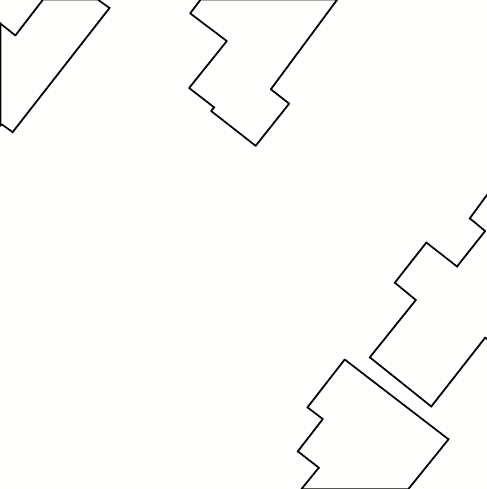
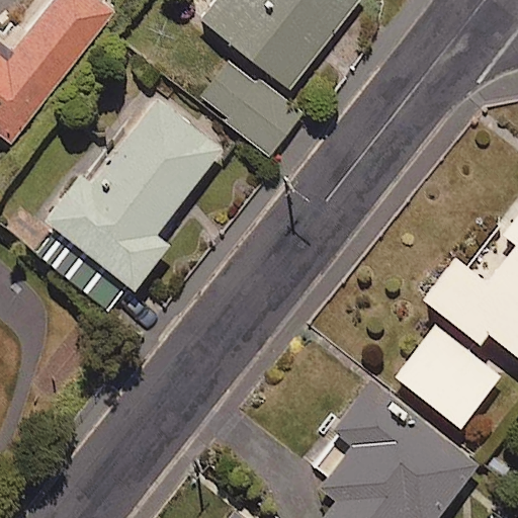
building: none -> [38,90,230,308]

